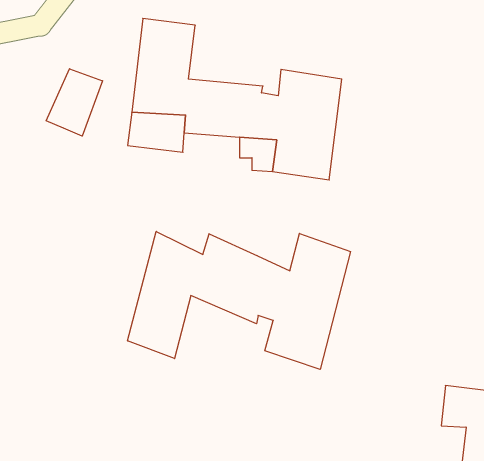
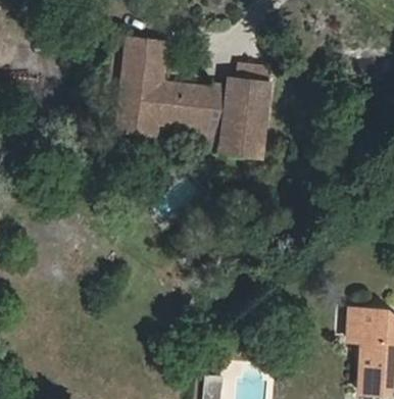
building: [46,69,103,136] -> none
building: [128,231,351,369] -> none

